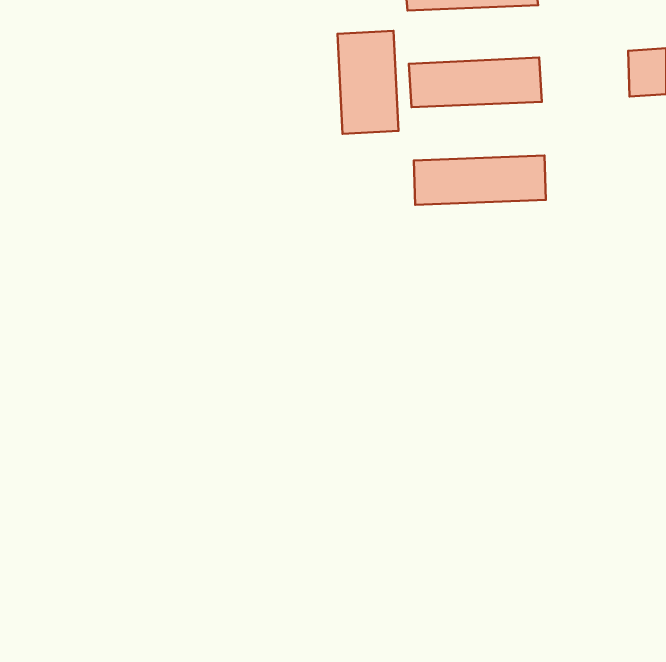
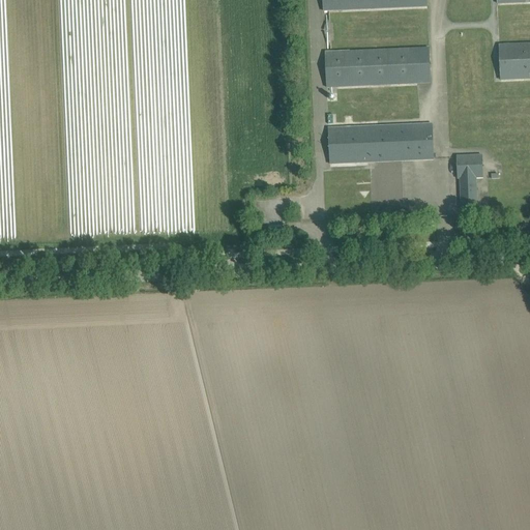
building: [337,31,399,134] -> none
building: none -> [457,151,481,206]

